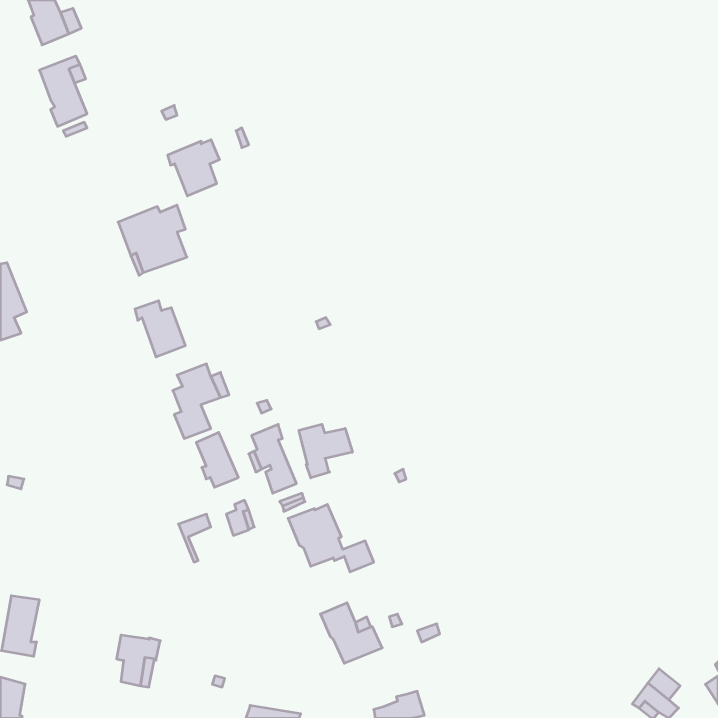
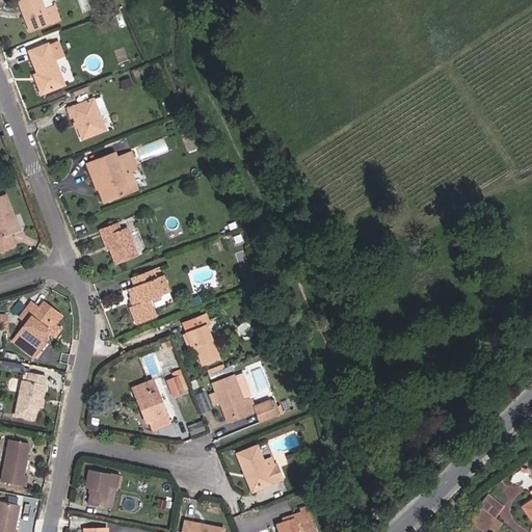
building: [168,140,220,196] -> [69,98,107,139]
building: none -> [14,301,58,356]
building: [299,424,352,478] -> none
building: [196,432,238,487] -> [139,390,170,430]
building: none -> [16,373,46,421]

